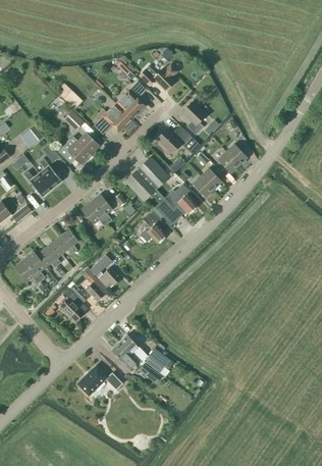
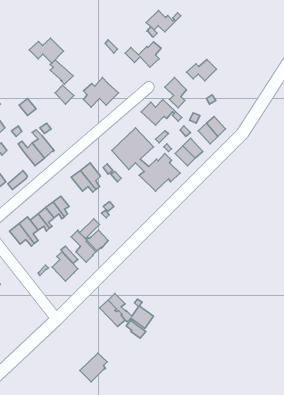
building: none -> [146,11,181,32]
building: none -> [29,38,64,63]
building: [114,81,146,118] -> none
building: none -> [187,59,217,81]
building: [58,134,97,163] -> none
building: [140,210,167,243] -> none
building: [76,365,106,396] -> [80,353,107,382]

